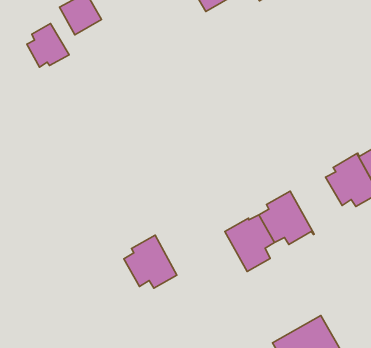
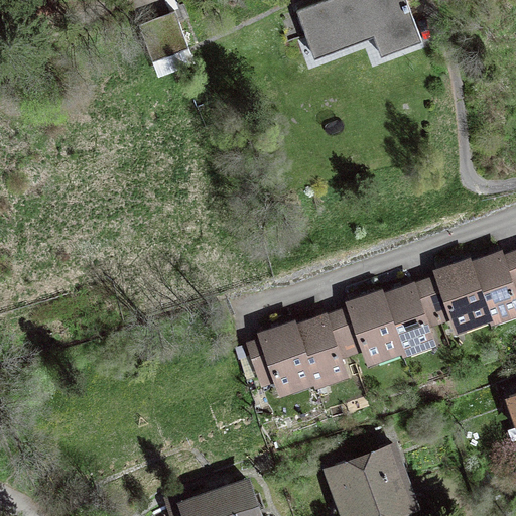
building: [27,24,69,67] -> none
building: none -> [380,280,439,347]
building: [124,235,177,288] -> [250,321,310,385]

